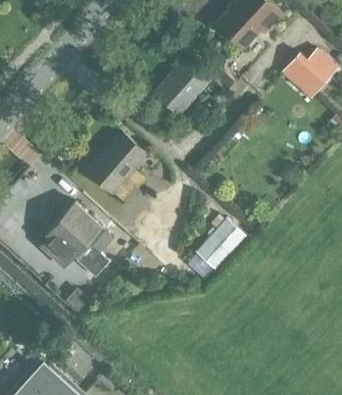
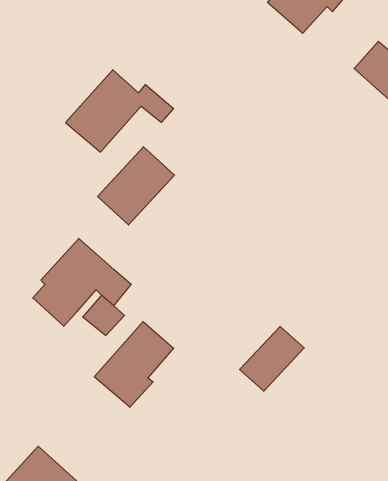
building: [154,53,236,115] -> [66,70,174,152]
building: [196,219,245,268] -> [240,326,304,391]
building: none -> [94,322,174,407]

